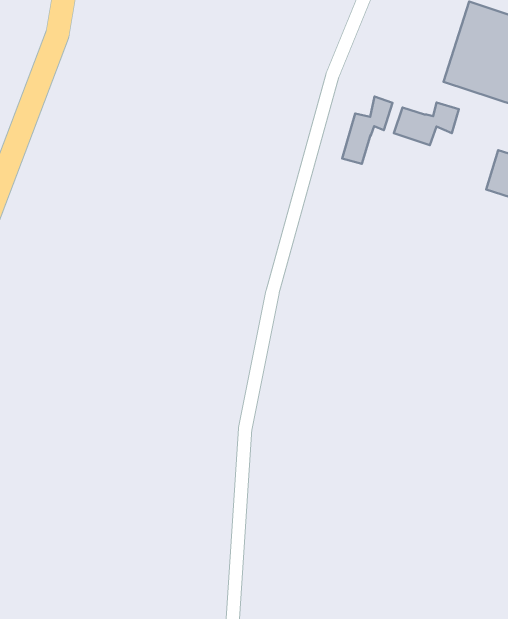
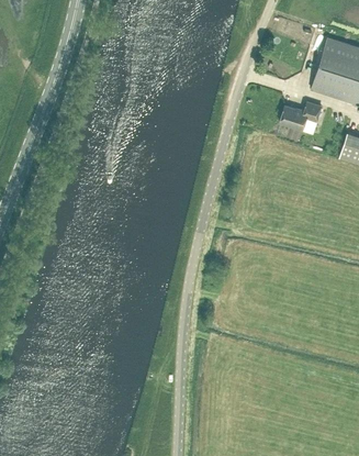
building: [342,97,392,164] -> none

